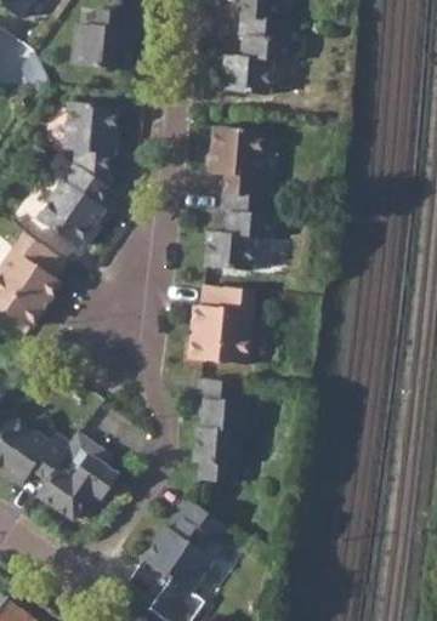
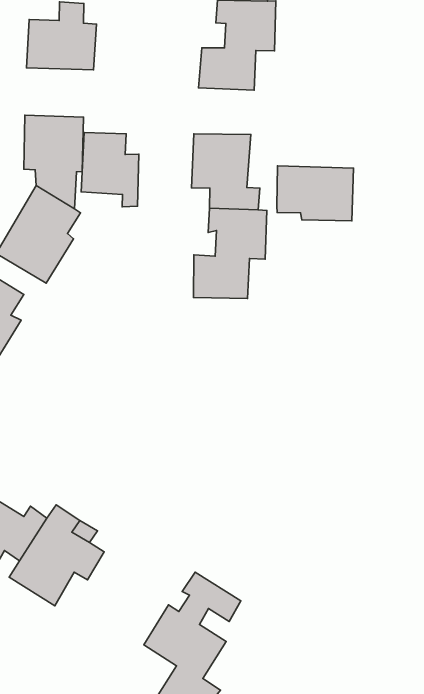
building: none -> [81,132,139,207]
building: none -> [277,166,353,221]
building: [186,284,251,364] -> none
building: [194,377,248,483] -> none

